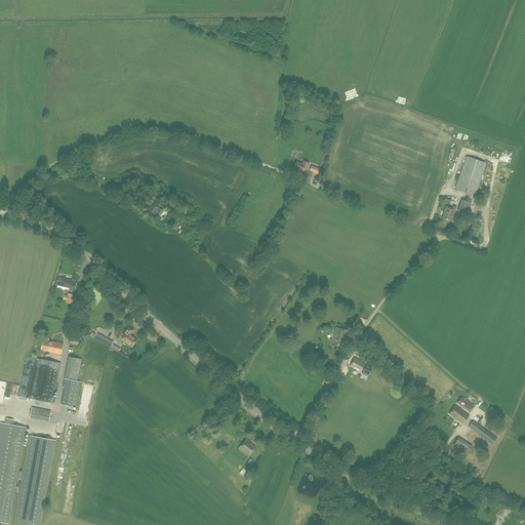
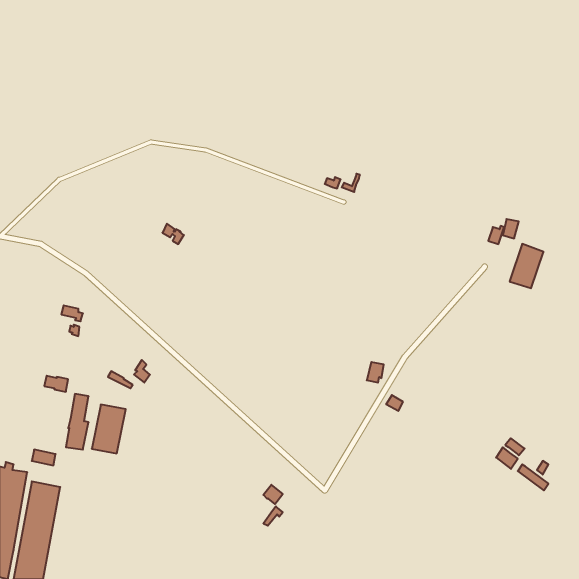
building: [454,155,485,195] -> [510,244,544,288]
building: [29,358,59,402] -> [92,405,126,453]

